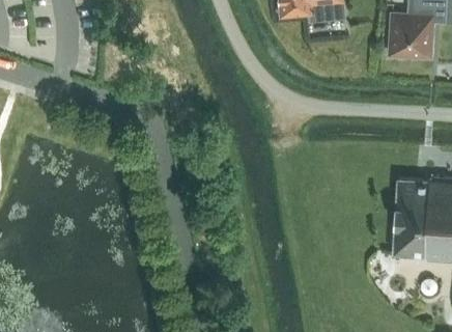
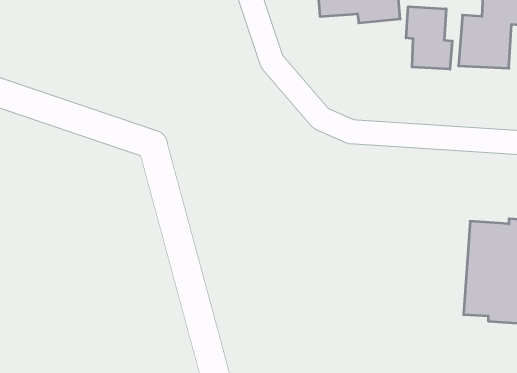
building: none -> [406,7,452,69]

